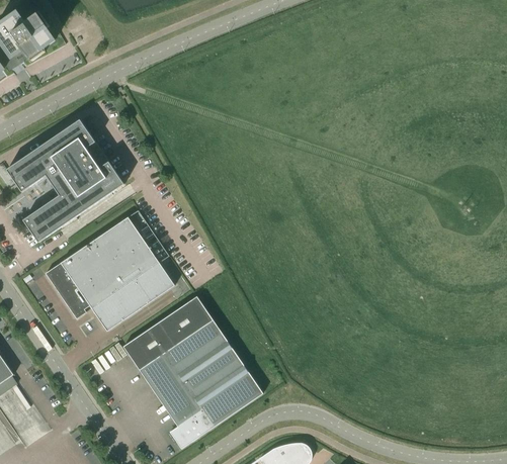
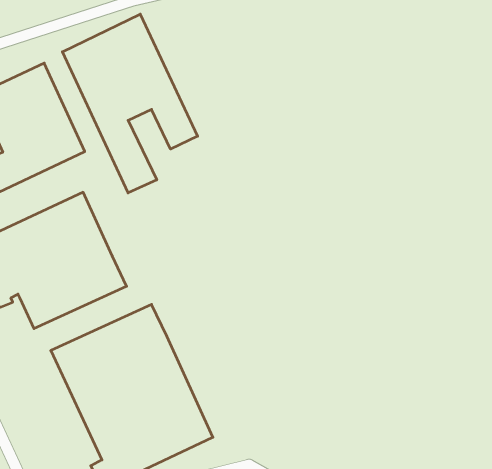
building: none -> [62,14,198,193]

